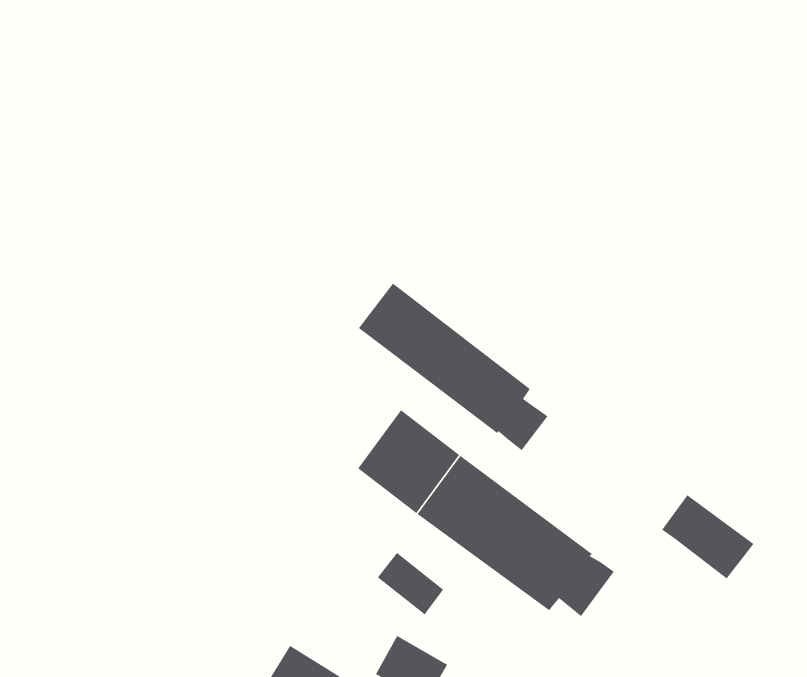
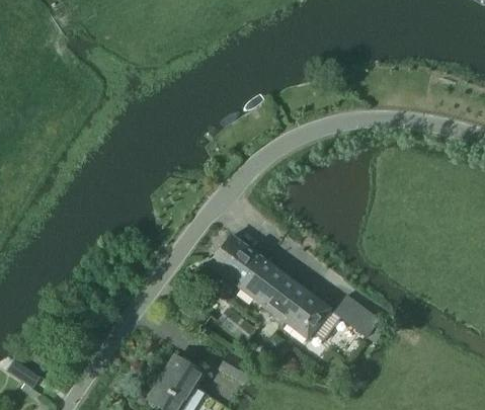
building: [358,283,549,451] -> none
building: [661,494,754,579] -> [333,294,381,337]

